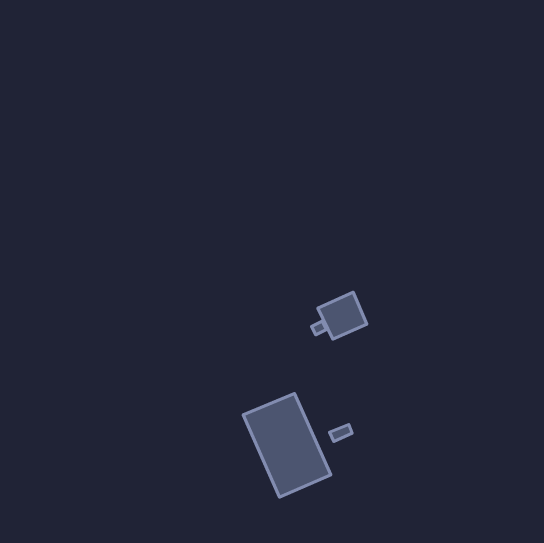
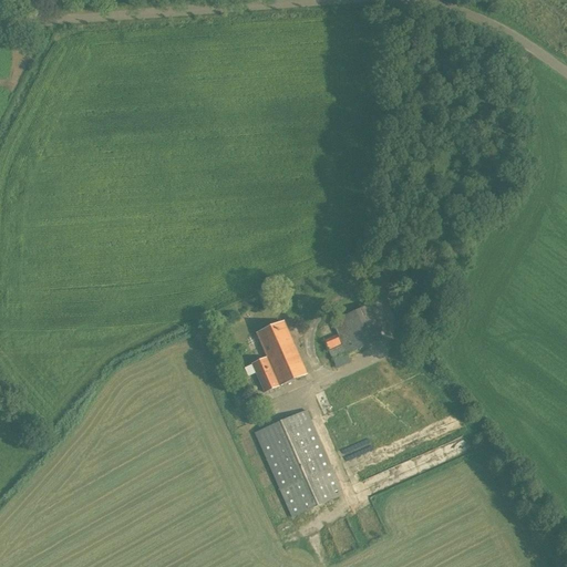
building: none -> [250,319,306,391]

